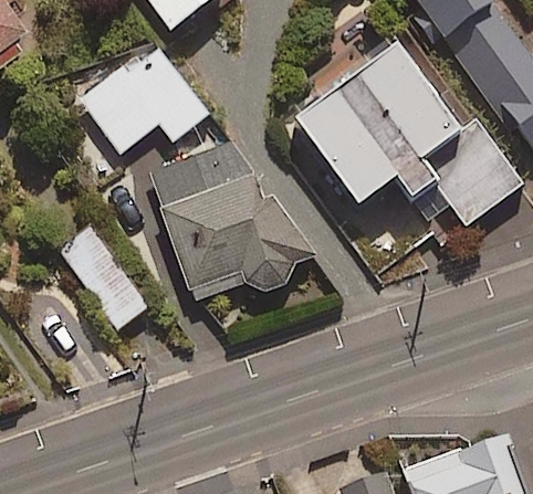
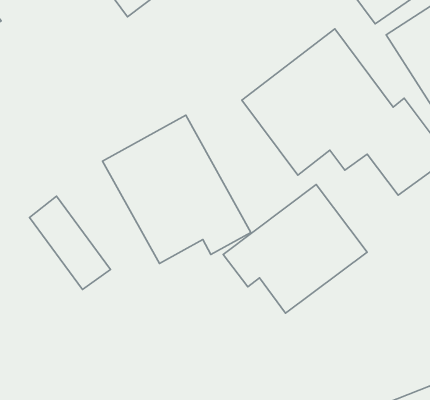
building: [83,44,208,151] -> none
building: none -> [223,185,367,313]

